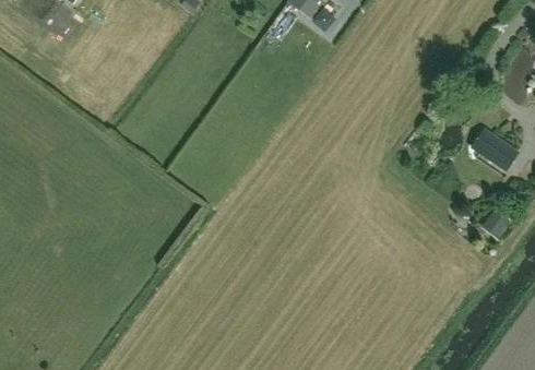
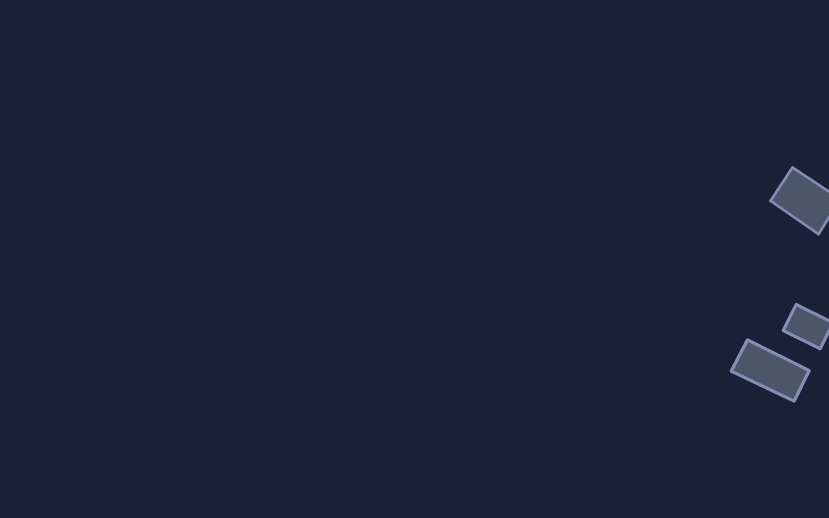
building: none -> [731,340,809,401]

